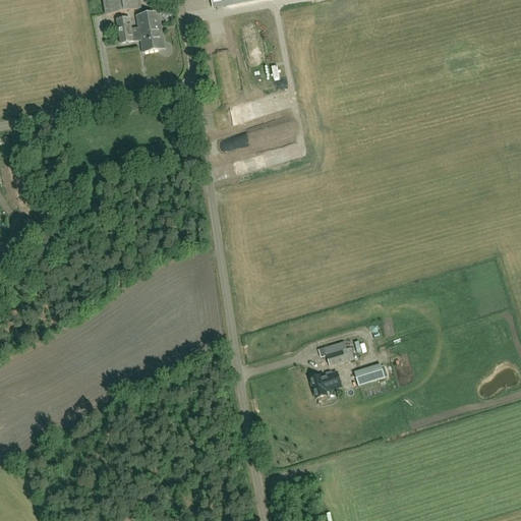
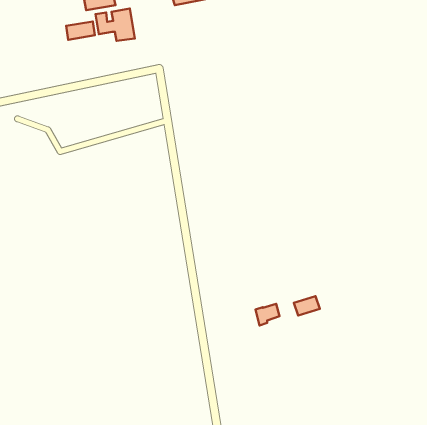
building: none -> [66,21,95,40]
building: [317,341,353,364] -> none

